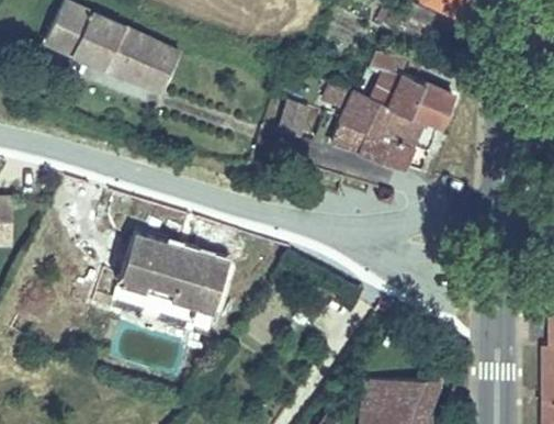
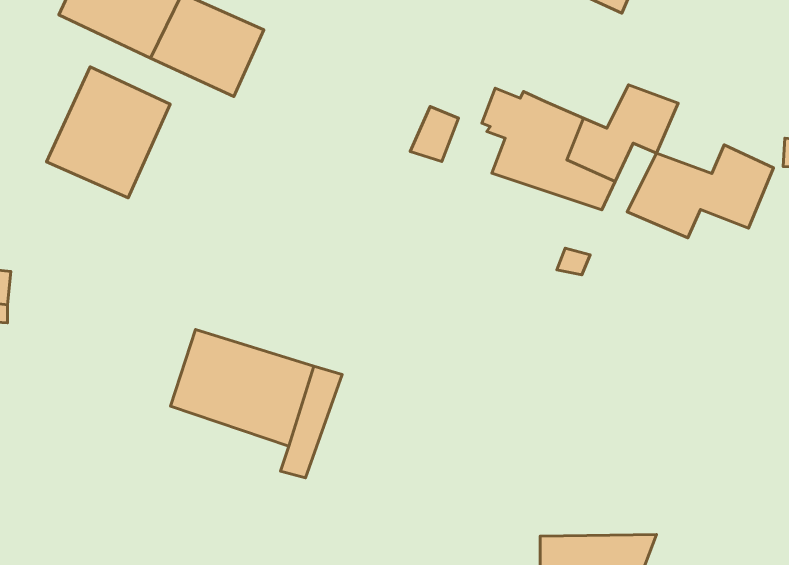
building: [365,68,420,113] -> none
building: none -> [46,67,170,198]
building: none -> [627,145,774,238]

